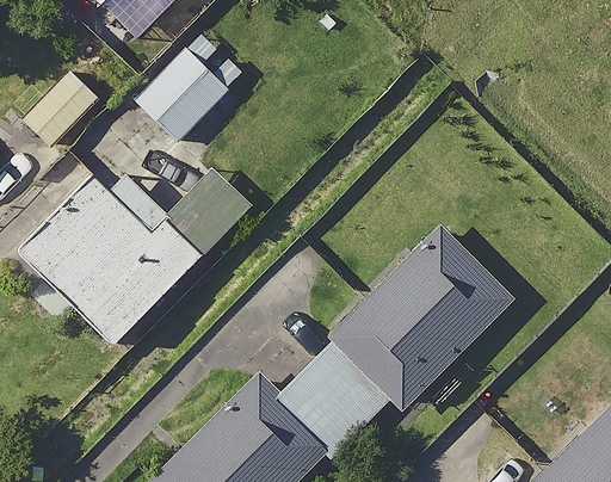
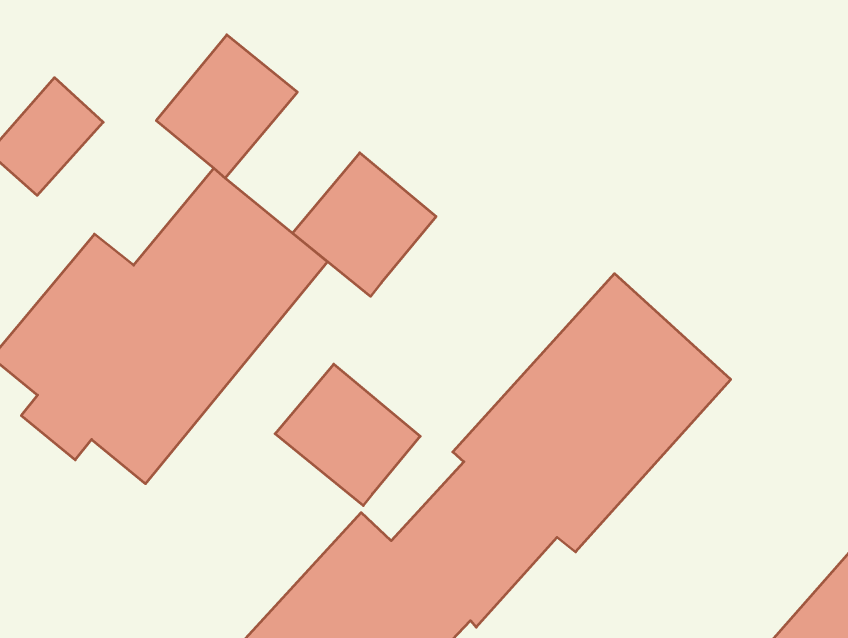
building: none -> [292,153,436,296]
building: none -> [275,364,420,506]

